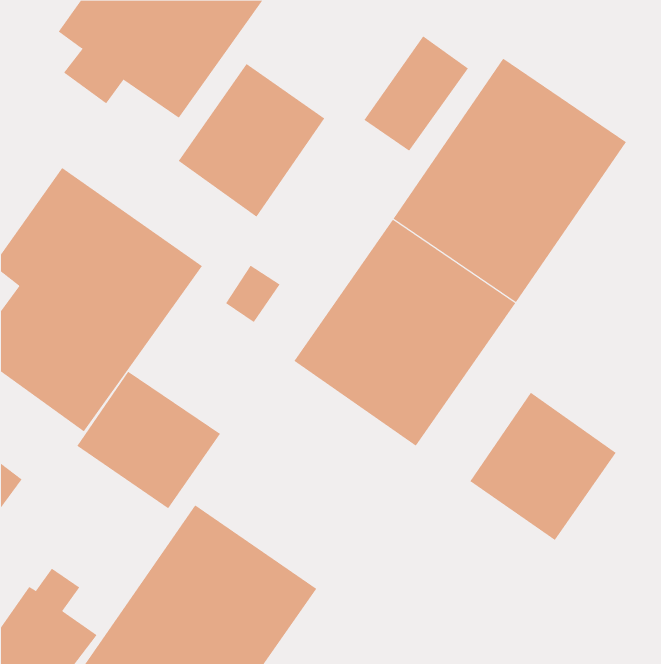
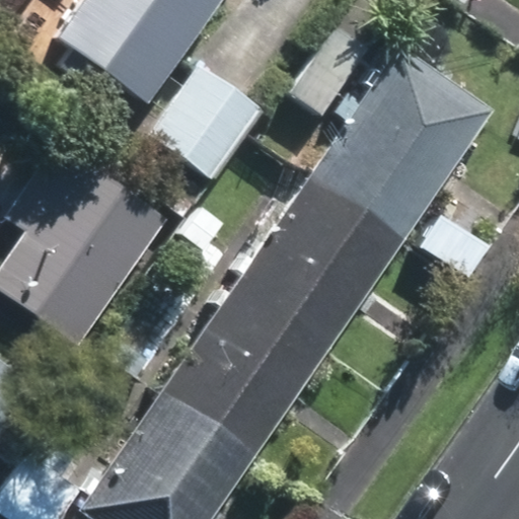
building: none -> [159,285,329,460]
building: [77,371,221,509] -> none
building: [470,392,617,541] -> none

